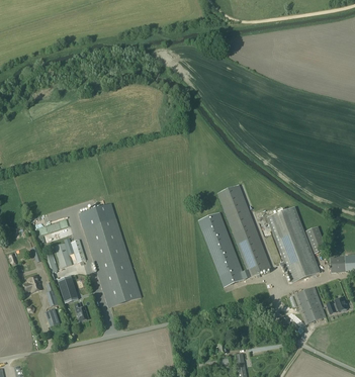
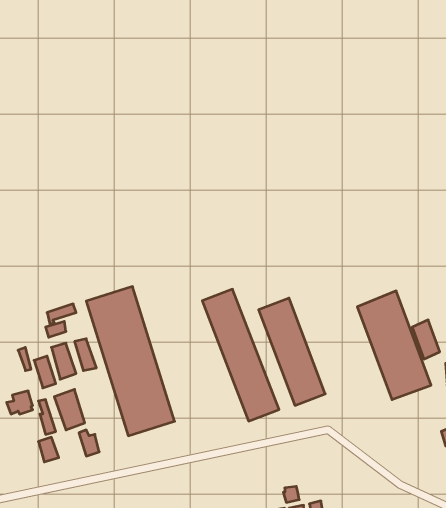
building: [217,184,271,276] -> [202,289,279,421]
building: [294,286,326,322] -> none

